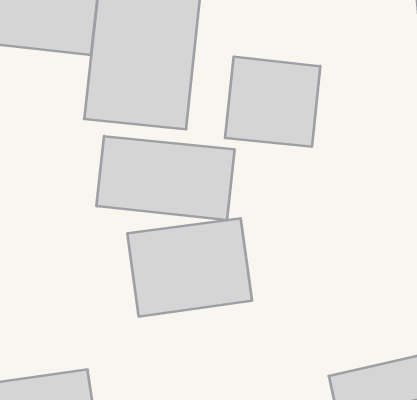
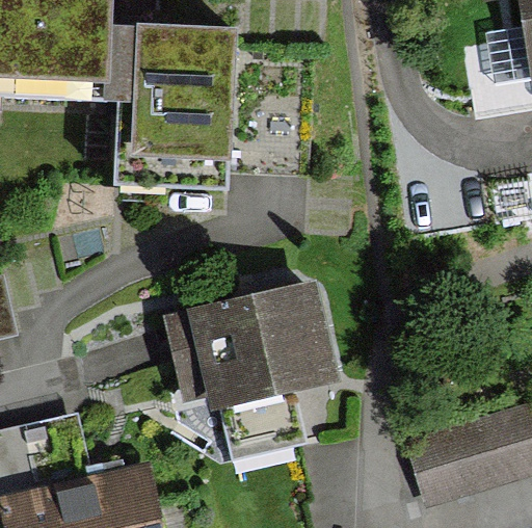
building: [225,57,320,147] -> none
building: [97,136,234,220] -> none

